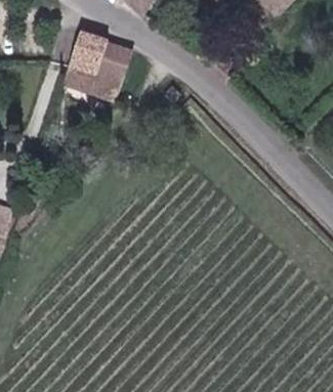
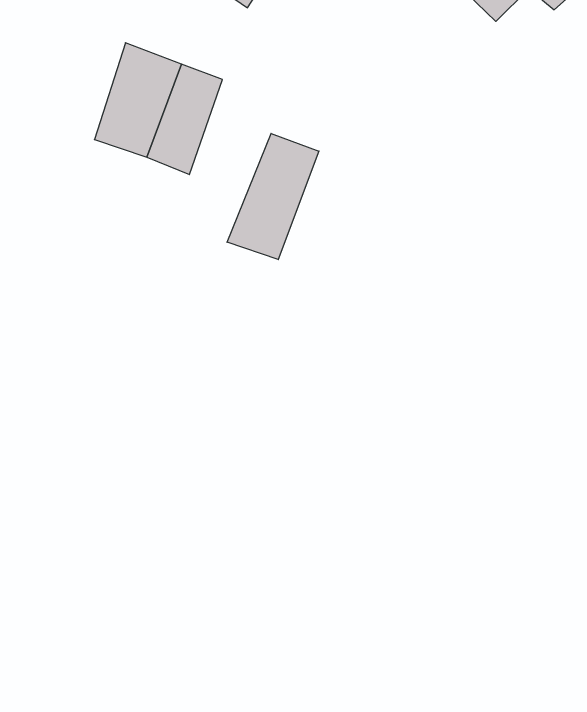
building: none -> [227,133,319,260]

